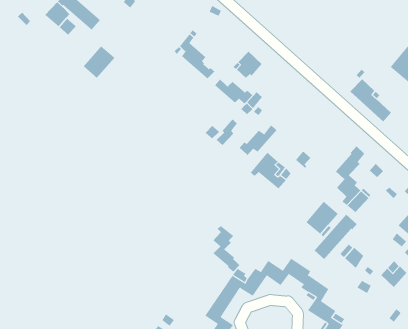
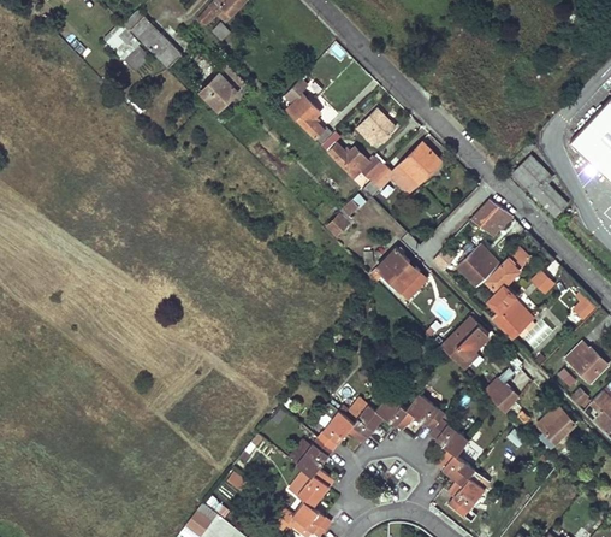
building: [83,46,115,79] -> [201,65,245,110]
building: none -> [397,142,441,183]
building: none -> [471,200,512,237]
building: [239,124,278,156] -> none
building: none -> [457,242,499,287]
building: [314,214,357,260] -> none
building: [212,225,240,273] -> none

